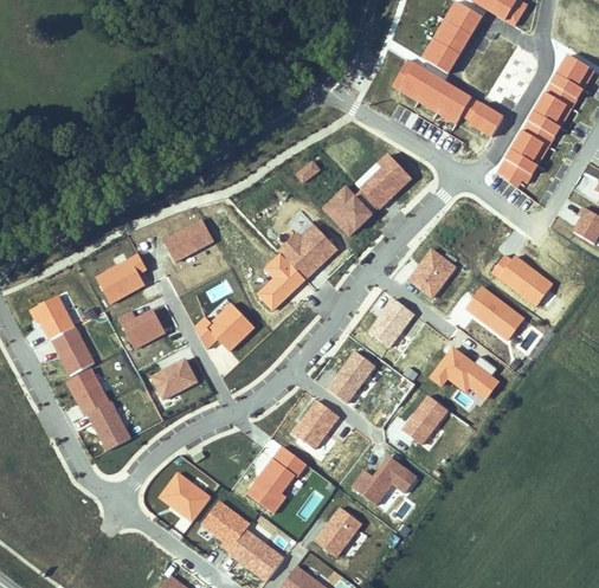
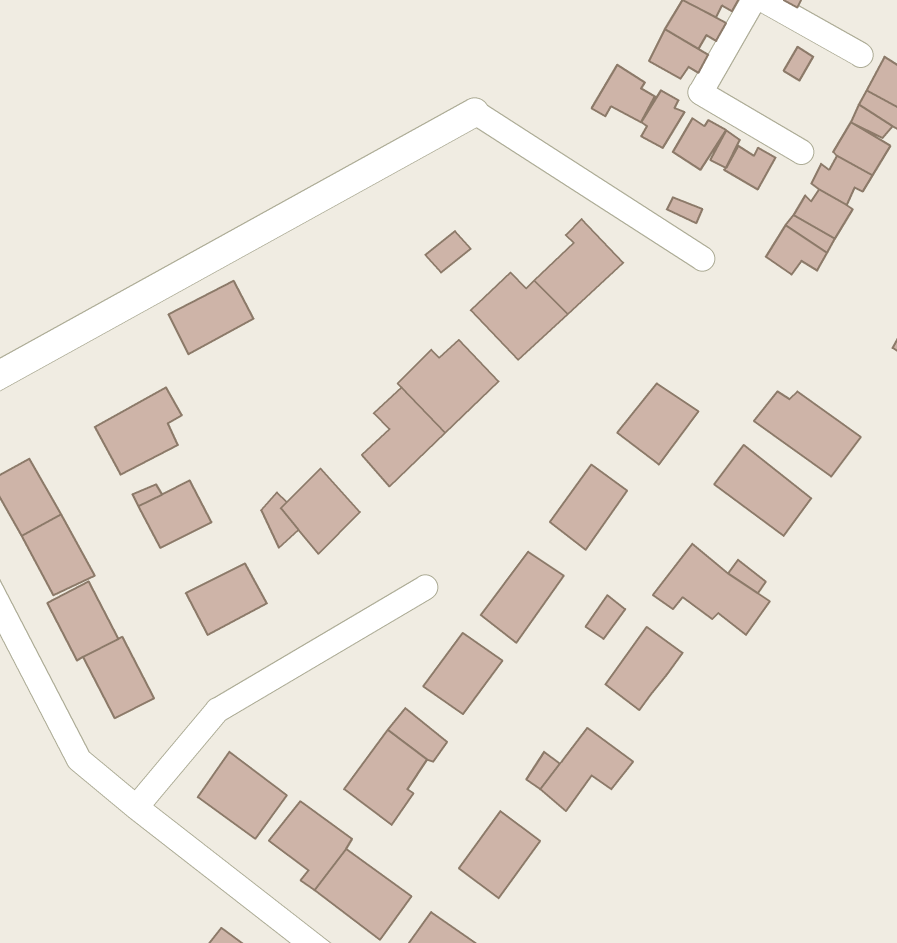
building: [162,218,213,261] -> [168,281,254,354]

